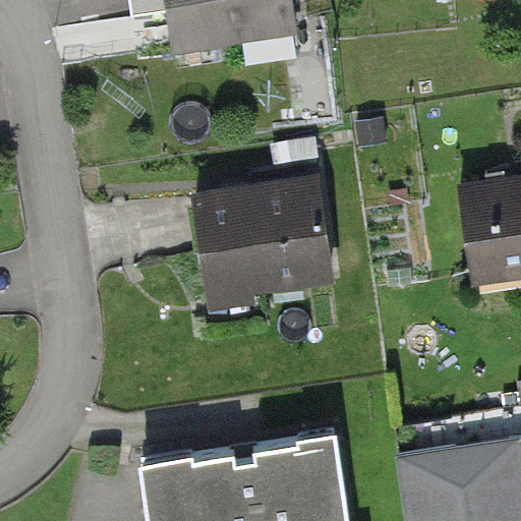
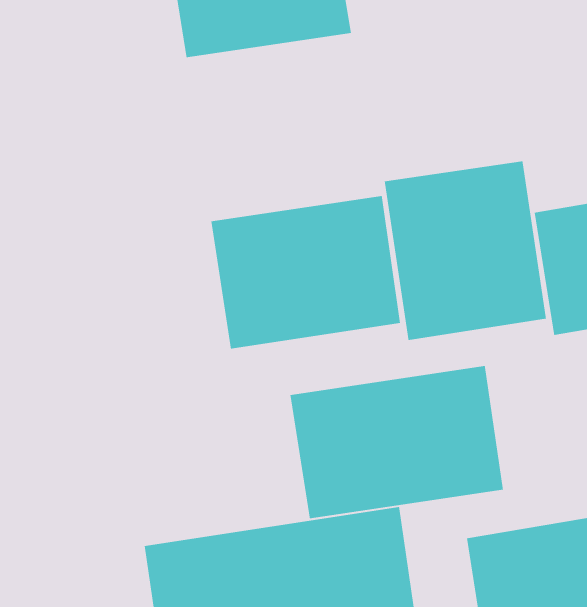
building: none -> [384,160,547,341]
building: none -> [290,365,503,519]

